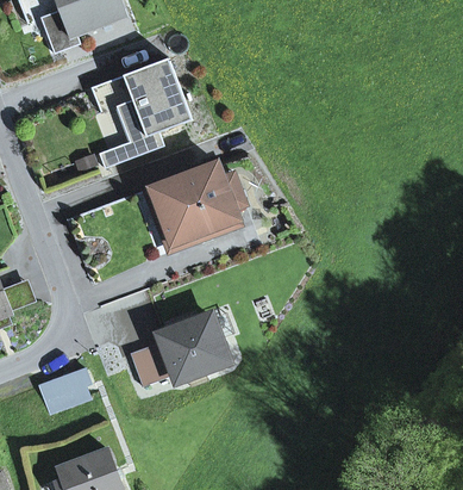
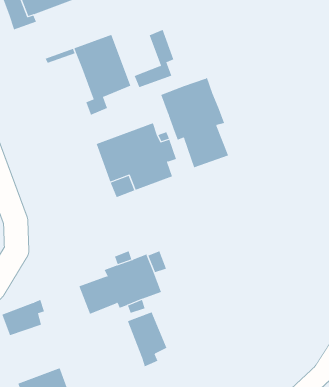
building: [98,98,145,167] -> [134,29,174,88]
building: none -> [160,77,229,168]
building: none -> [127,311,167,367]

